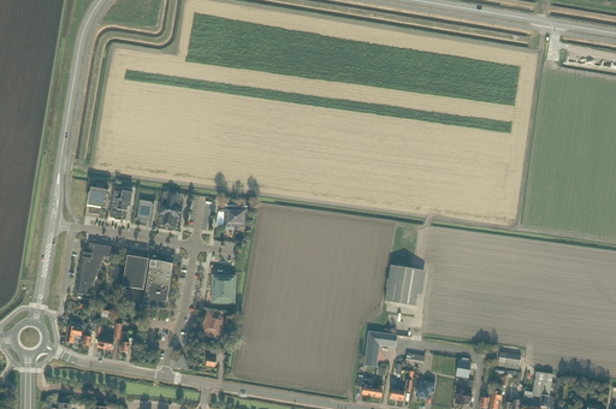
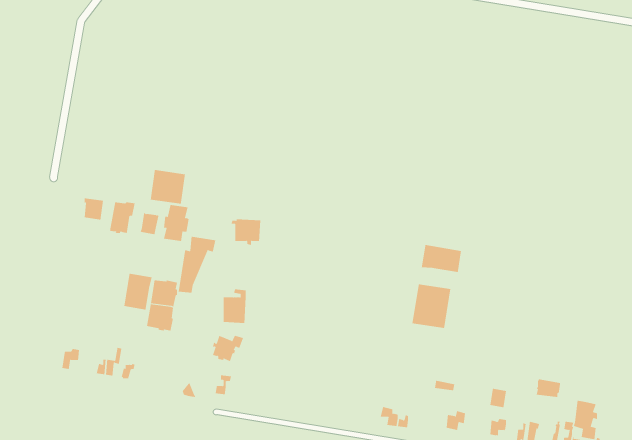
building: none -> [150,169,186,205]
building: none -> [421,244,462,273]
building: [77,242,112,294] -> [178,236,216,293]
building: [365,331,411,366] -> none

